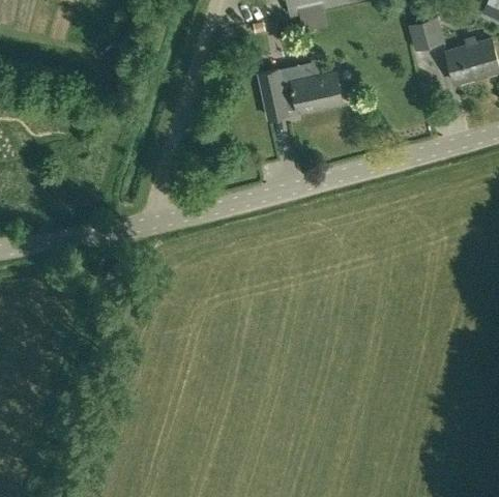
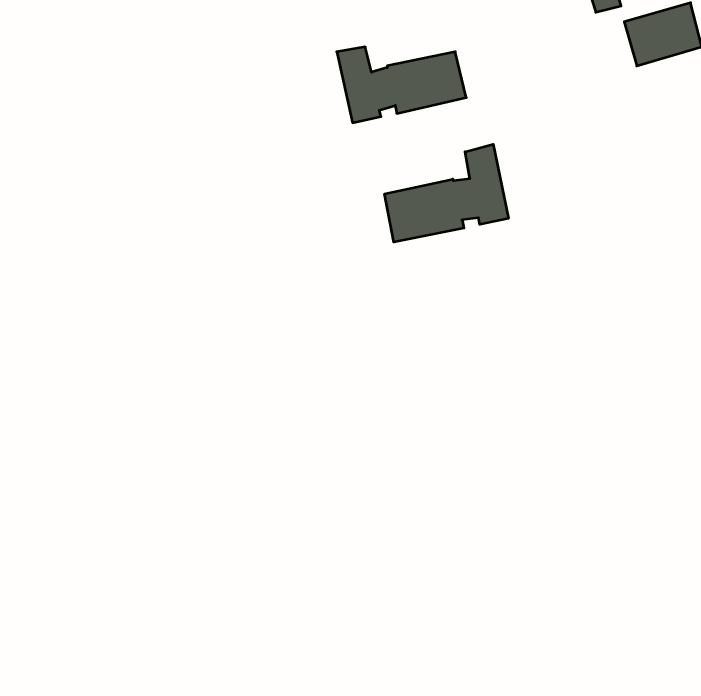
building: none -> [385,144,508,242]

